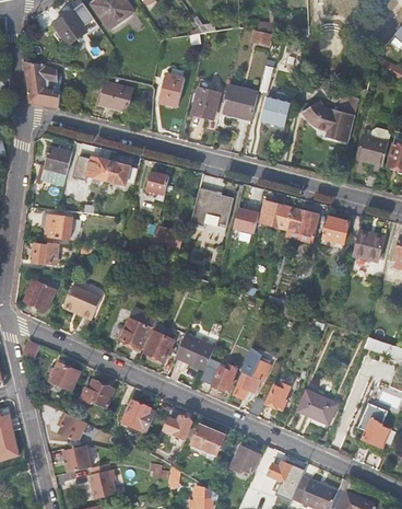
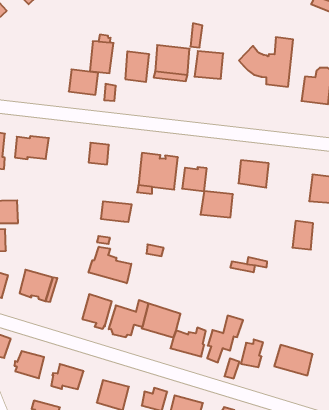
building: [100,82,131,109] -> [69,69,98,95]
building: [105,161,137,185] -> none
building: [258,200,292,229] -> [200,191,233,217]
building: [324,218,347,247] -> [292,221,313,250]
building: none -> [89,247,131,283]

